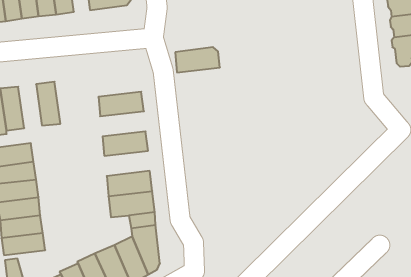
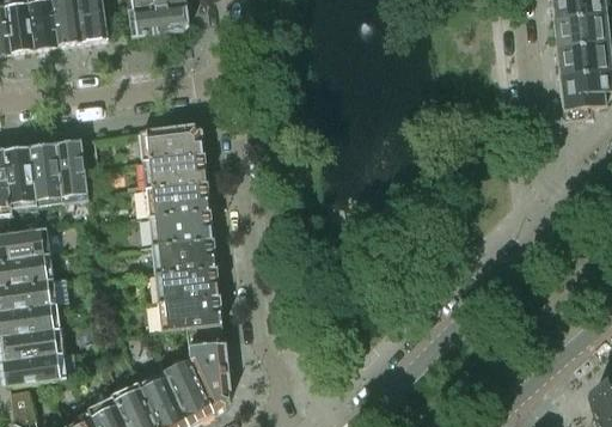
building: [175,47,220,72] -> [140,124,203,160]
building: none -> [29,142,62,205]
building: none -> [145,181,209,216]
building: none -> [151,237,215,273]

